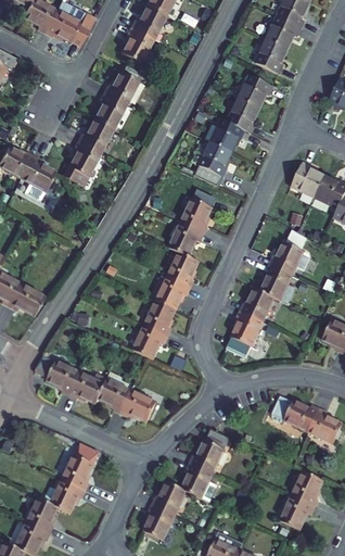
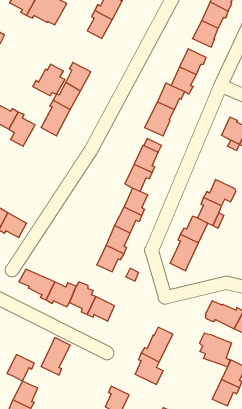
building: [102,64,143,104] -> [33,64,65,96]
building: none -> [200,333,232,367]
building: [50,479,85,513] -> [7,355,34,381]
building: [151,481,186,515] -> none

